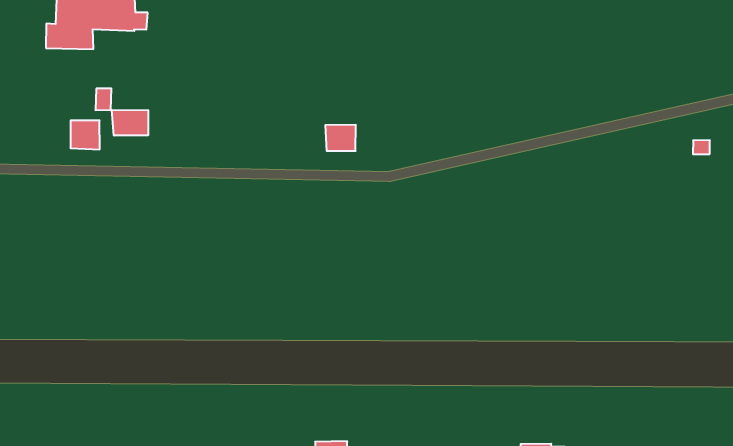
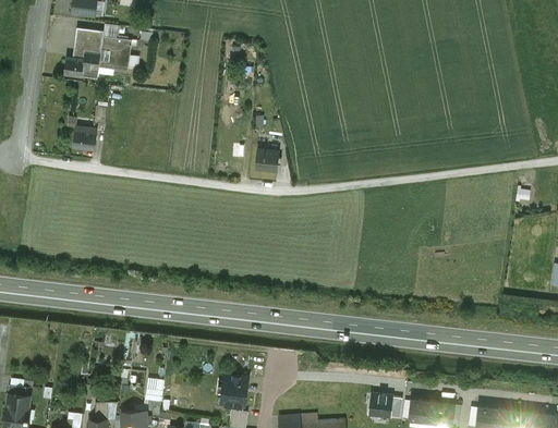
building: [112,110,148,136] -> none

